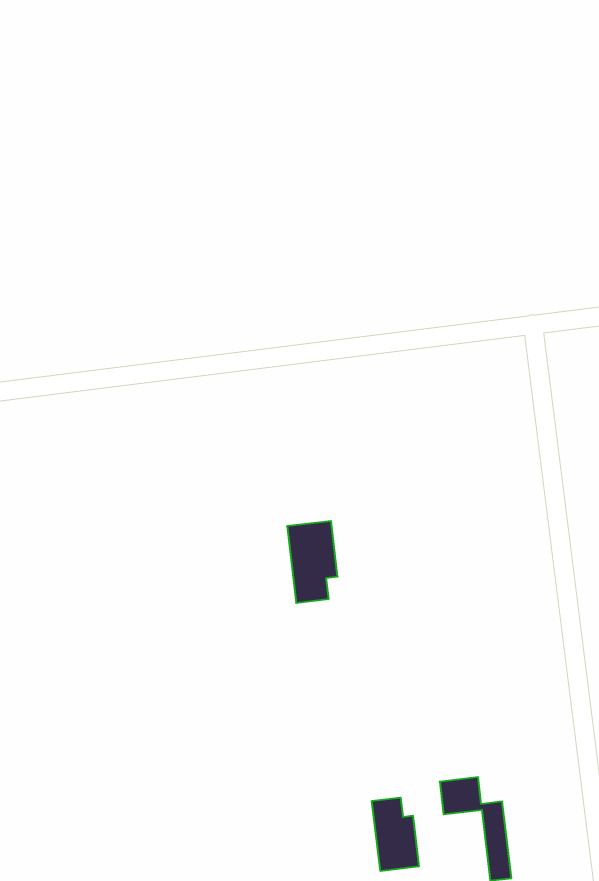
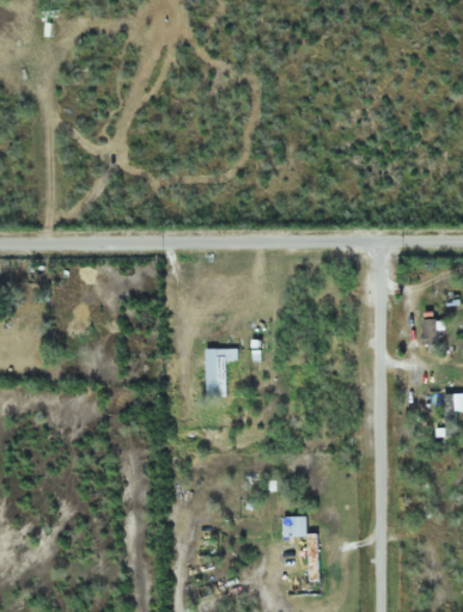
building: [372,798,419,871] -> none

